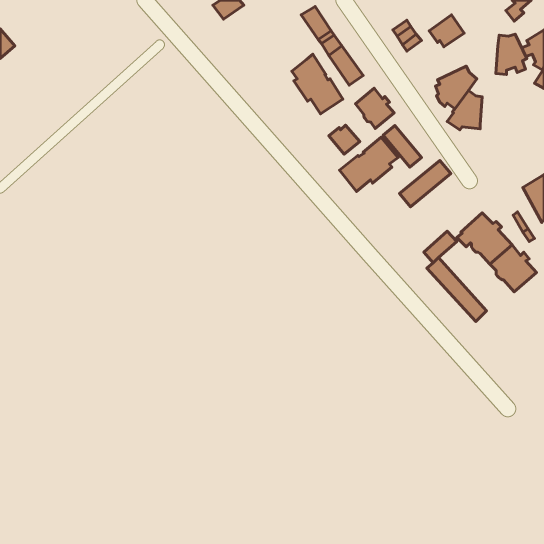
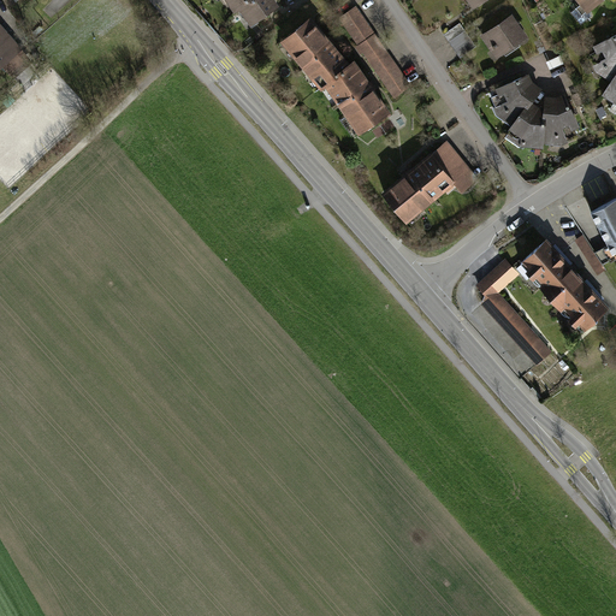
building: none -> [286,18,349,84]
building: [496,34,527,75] -> [543,96,578,142]
building: [355,88,394,129] -> none
building: [329,125,360,154] -> none
building: [399,160,451,207] -> none

